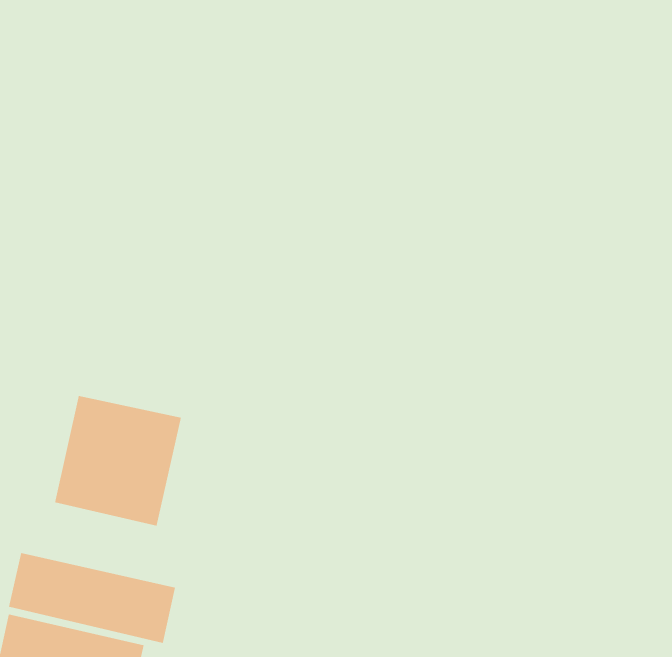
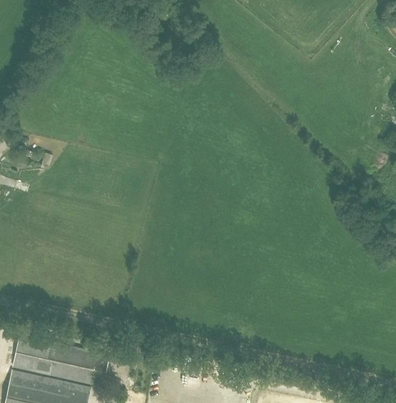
building: [55,395,182,526] -> none

